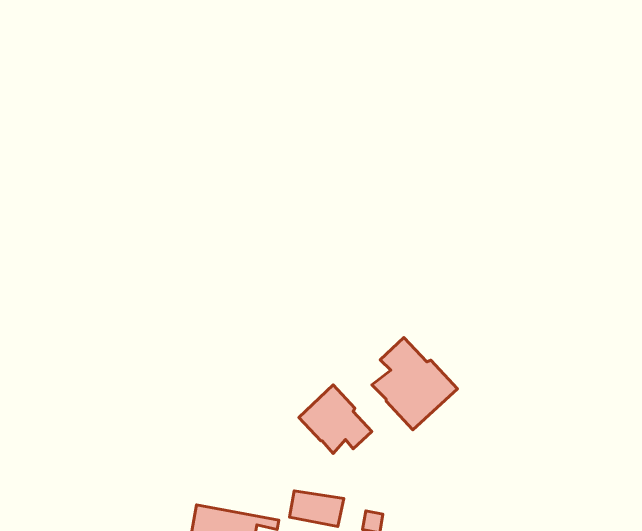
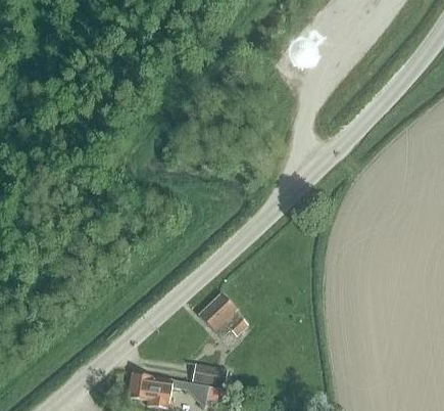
building: [372,337,458,430] -> none

